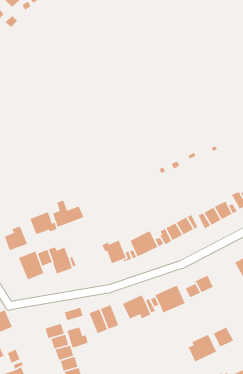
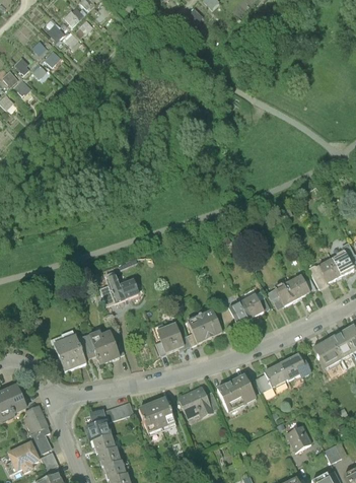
building: [29,211,57,235] -> none
building: [4,225,28,251] -> none
building: none -> [281,353,311,377]
building: [66,326,89,349] -> none
building: [188,334,217,362] -> none

